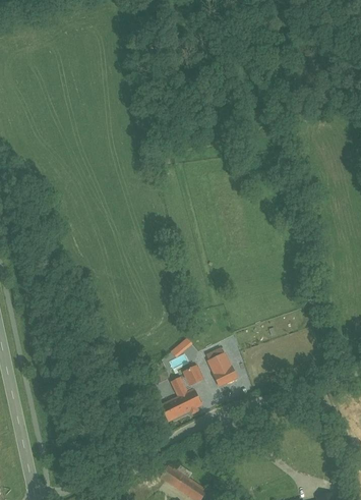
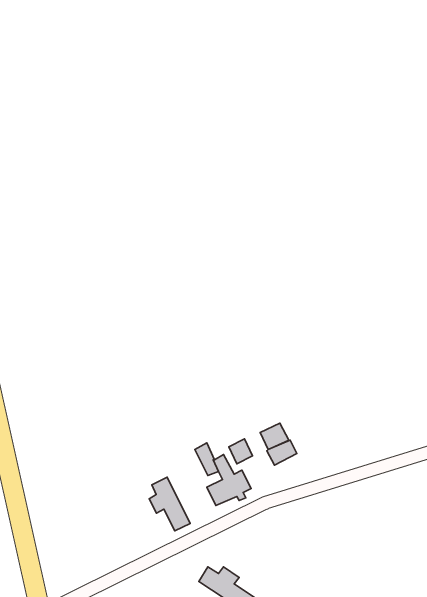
building: none -> [149,477,190,531]

